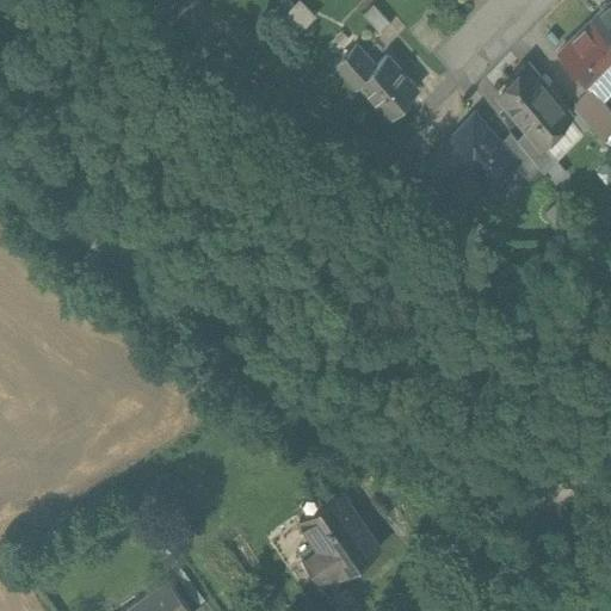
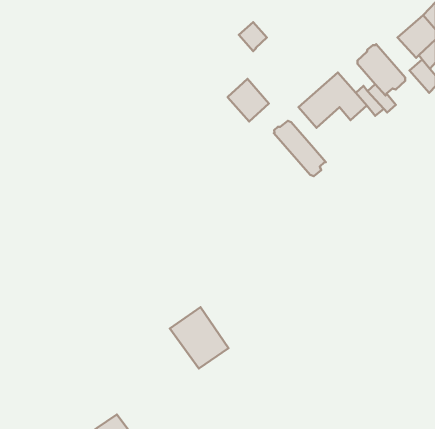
building: [359,50,416,110] -> [228,79,269,121]
building: none -> [274,121,326,176]
building: [296,500,378,586] -> [170,307,229,369]

